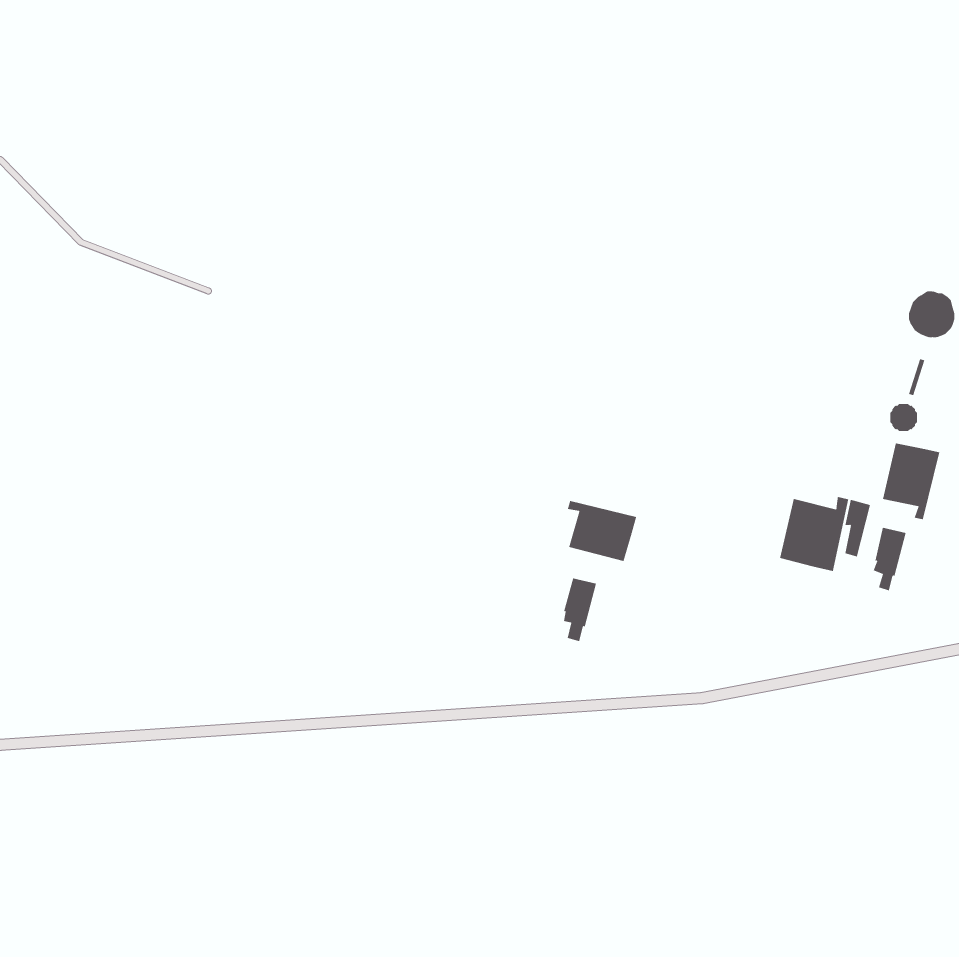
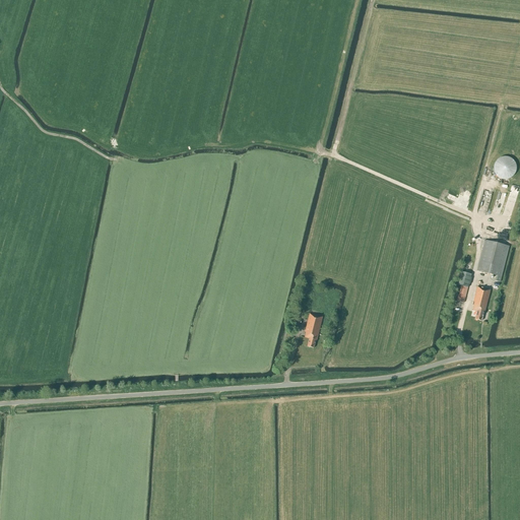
building: [779,496,849,572] -> none
building: [567,500,637,562] -> none

